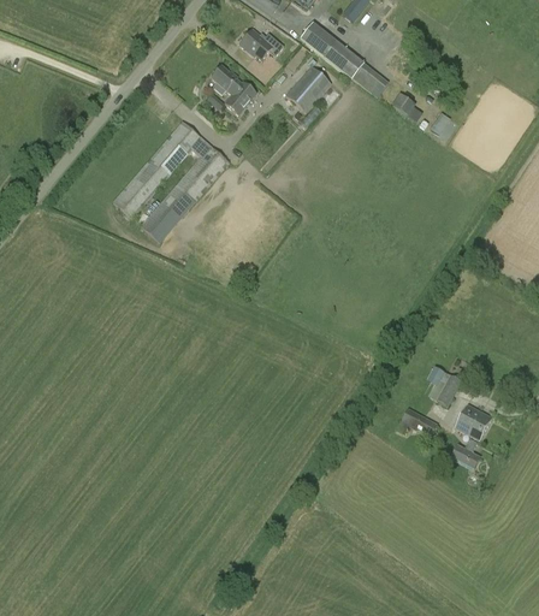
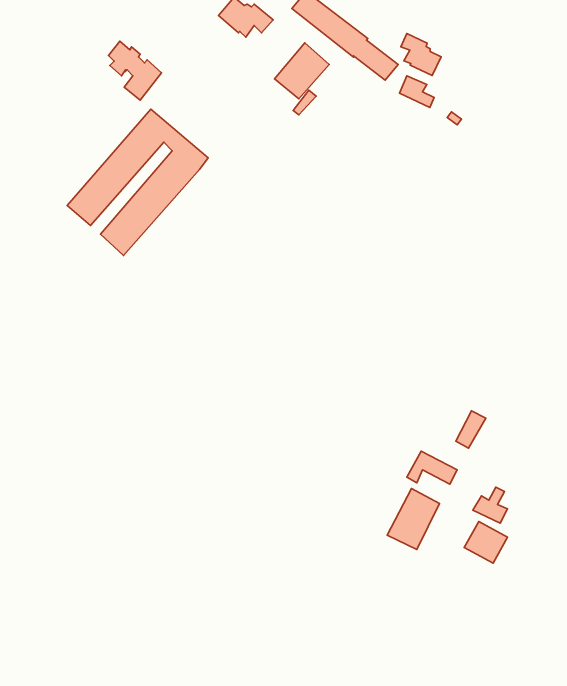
building: none -> [401,34,441,75]
building: [211,65,255,114] -> [108,41,162,100]
building: [456,403,492,438] -> [464,521,507,563]
building: none -> [387,489,440,550]

